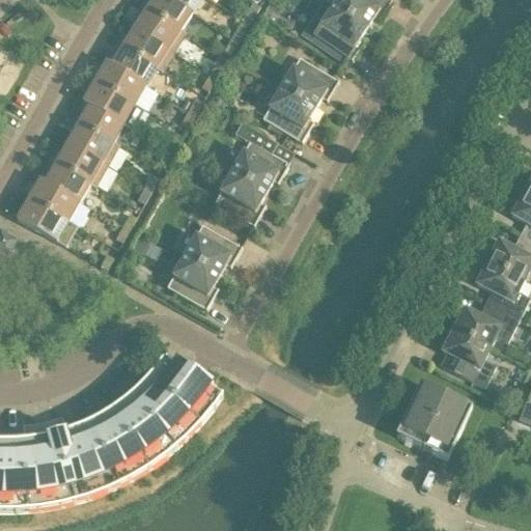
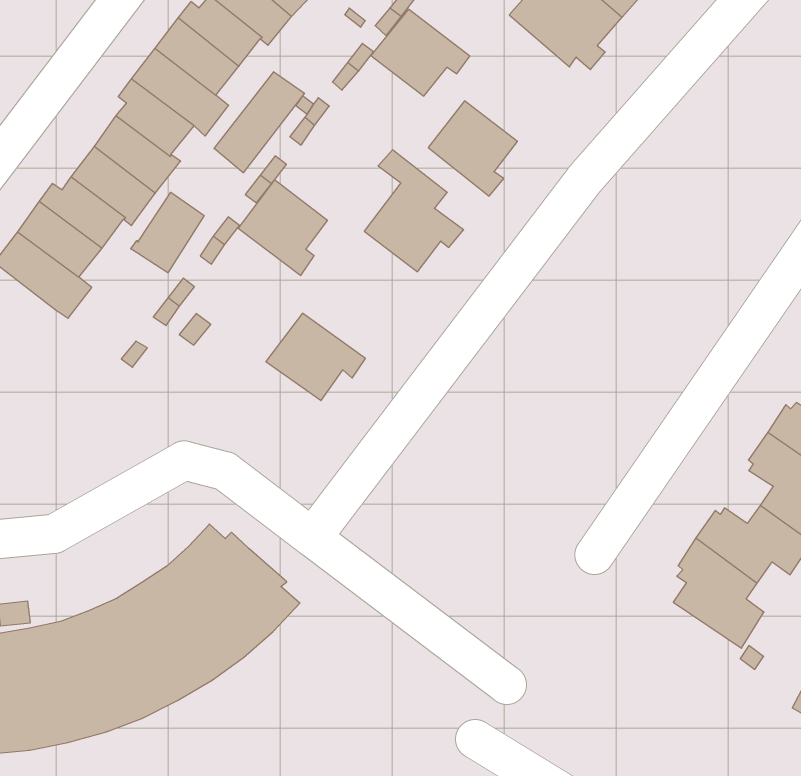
building: [280,56,338,106] -> [371,9,470,96]
building: none -> [214,72,304,173]
building: none -> [131,192,204,273]
building: [214,170,266,224] -> [238,180,327,275]
building: [166,254,219,307] -> none
building: [395,382,471,457] -> none

